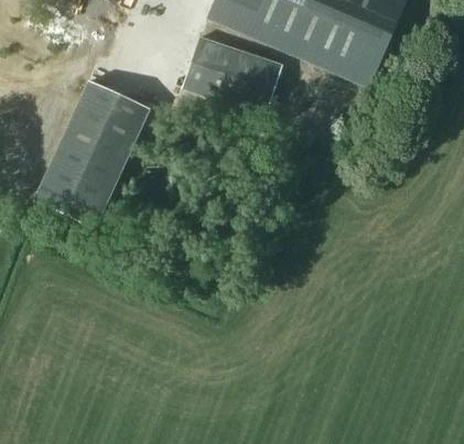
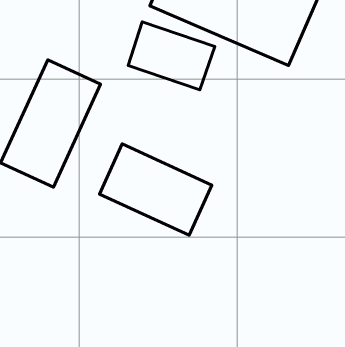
building: none -> [99,144,212,235]

